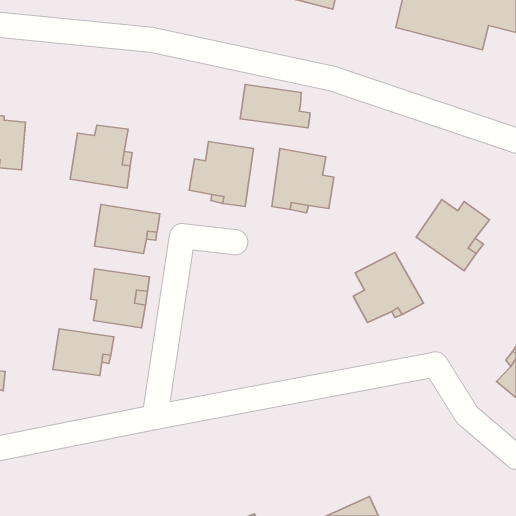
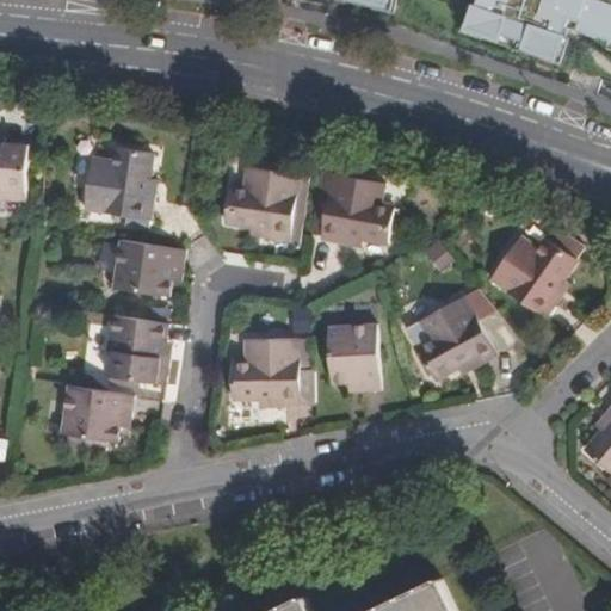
building: [240,85,310,128] -> none
building: none -> [326,323,379,389]
building: none -> [229,339,297,409]

